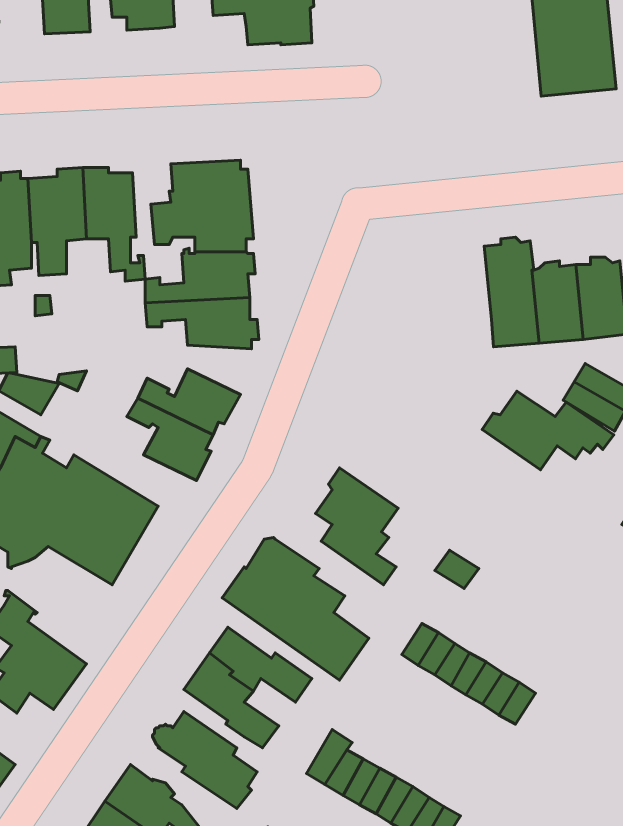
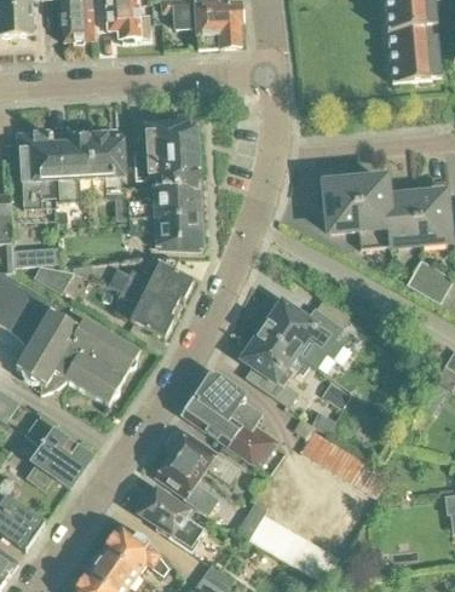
building: none -> [313,177,358,231]
building: [482,391,614,470] -> [258,301,345,354]

